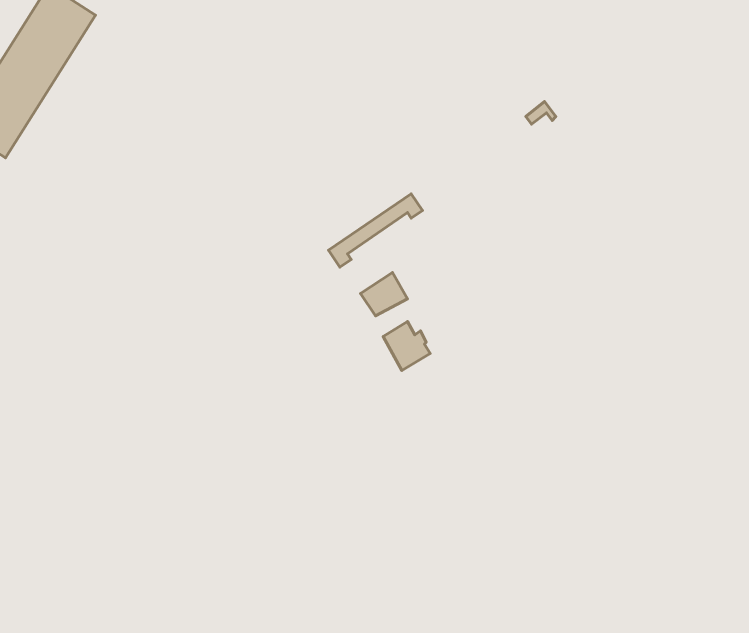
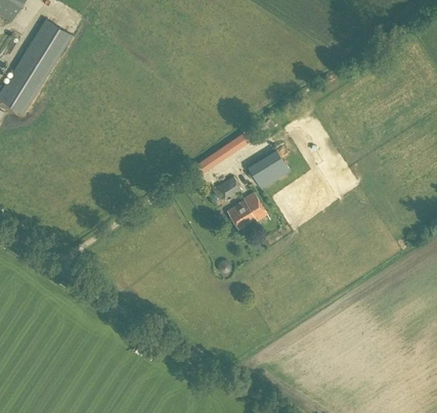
building: none -> [247,149,290,189]
building: none -> [245,191,269,221]

